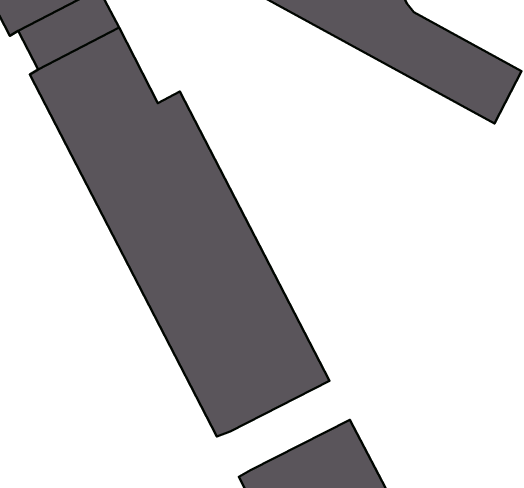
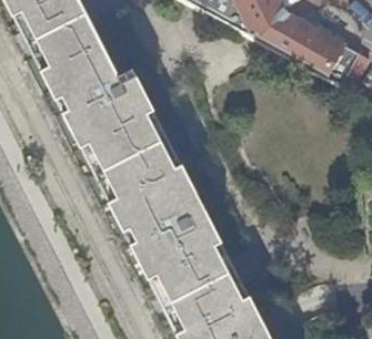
building: none -> [168,258,247,317]

